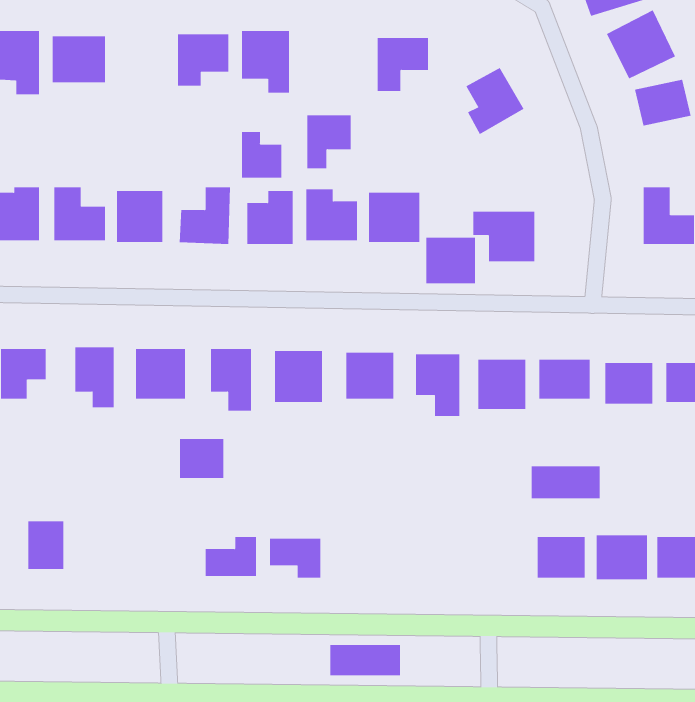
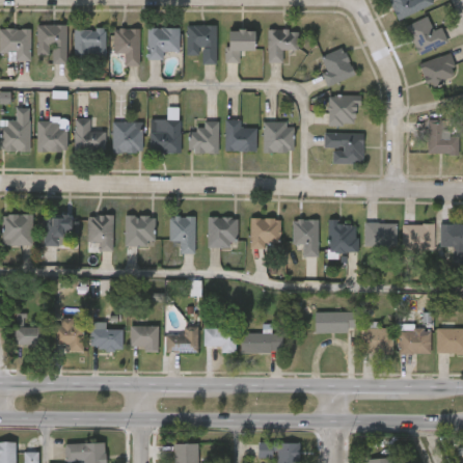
building: none -> [115,29,140,65]
building: [306,115,352,169] -> [228,30,255,62]
building: [242,131,282,179] -> none
building: [426,237,476,284] -> [329,97,359,125]
building: [179,439,224,479] -> [131,326,158,350]
building: [531,466,600,499] -> [315,312,356,332]
building: none -> [91,328,122,350]
building: [330,645,401,676] -> [240,333,282,352]

